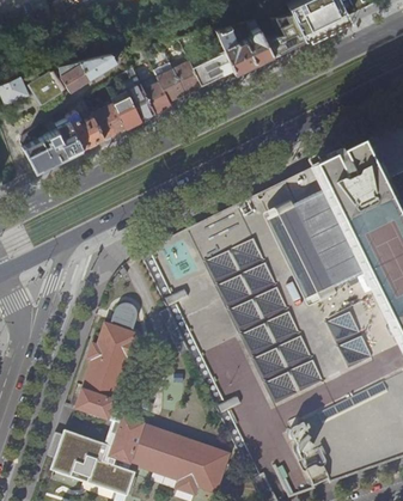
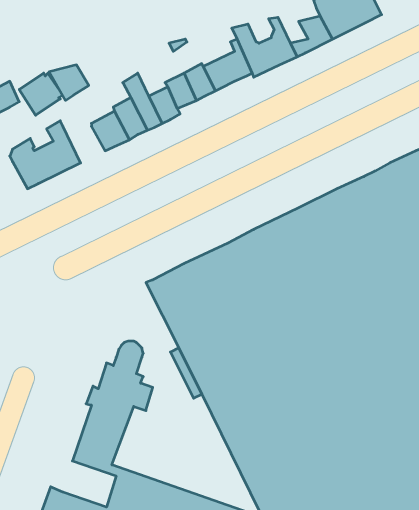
building: [80,53,120,79] -> none
building: [68,110,105,147] -> none

